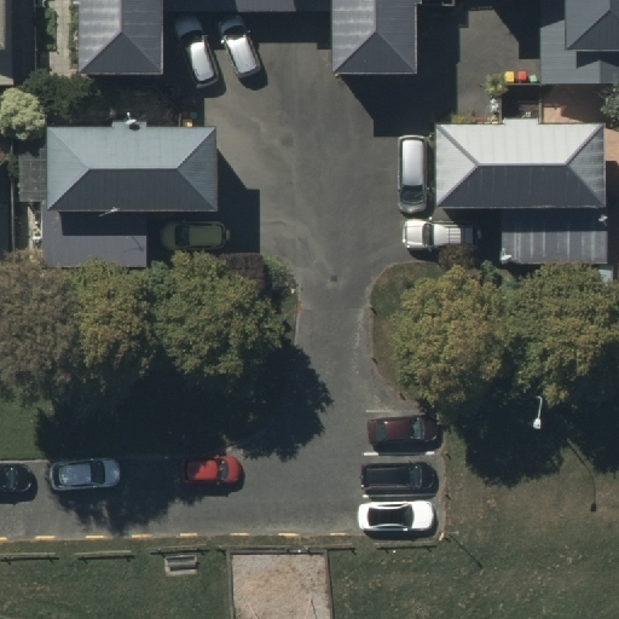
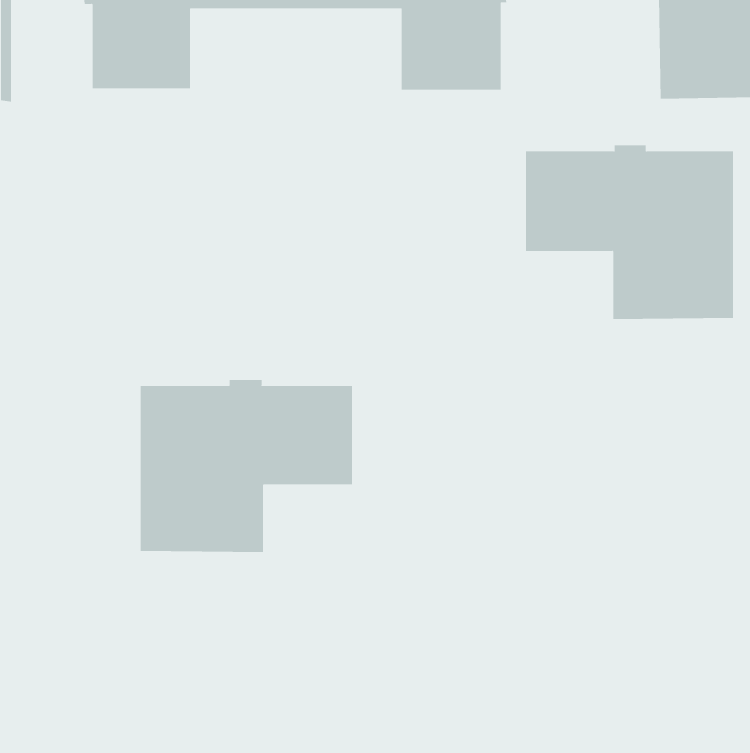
building: [46,126,215,265] -> none
building: none -> [140,379,352,553]

